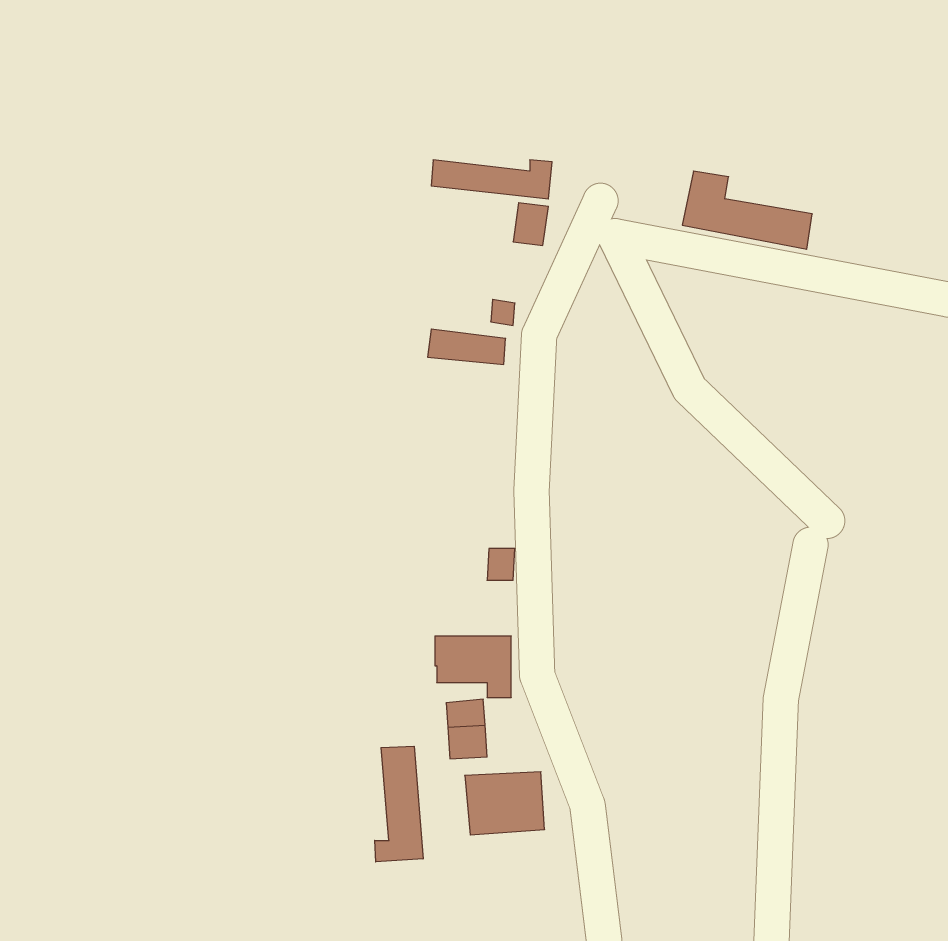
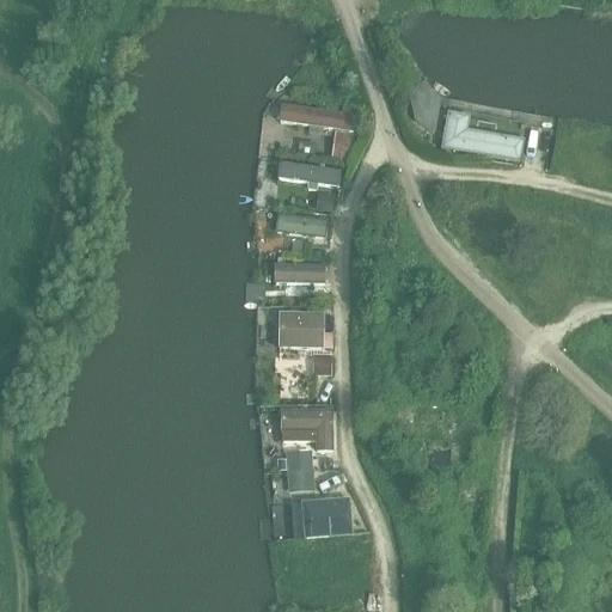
building: none -> [277,160,341,190]
building: none -> [274,263,325,282]
building: none -> [276,311,322,347]
building: [375,746,423,862] -> none

